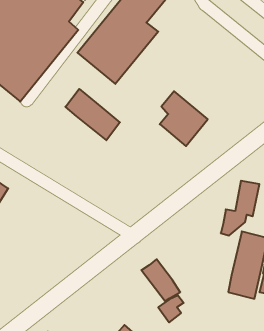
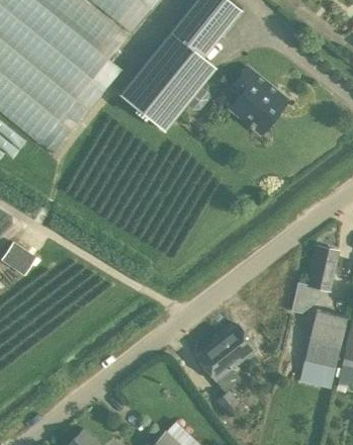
building: [65,89,120,140] -> none
building: [160,91,208,146] -> [230,69,287,135]
building: none -> [213,325,256,367]

